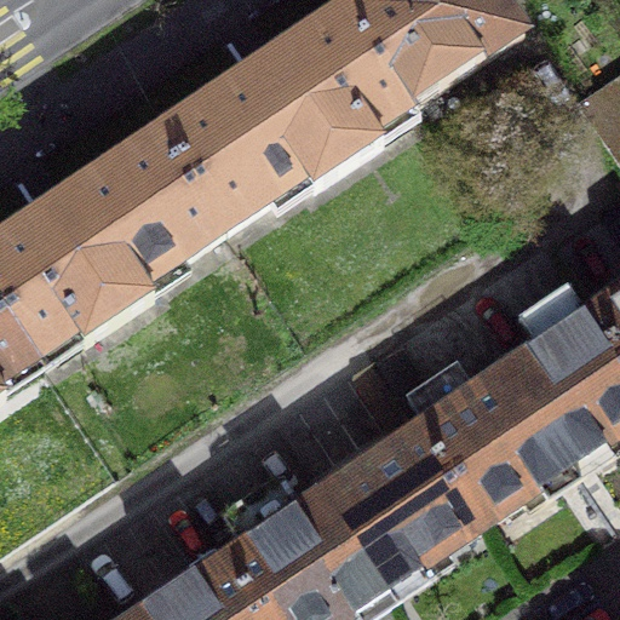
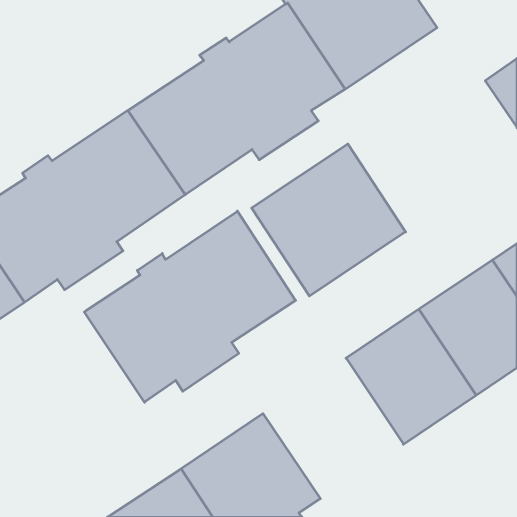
building: none -> [252,144,406,296]
building: none -> [84,211,296,402]
building: [311,424,477,590] -> none

